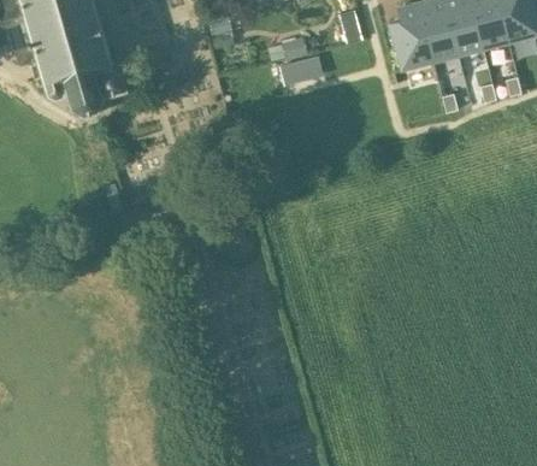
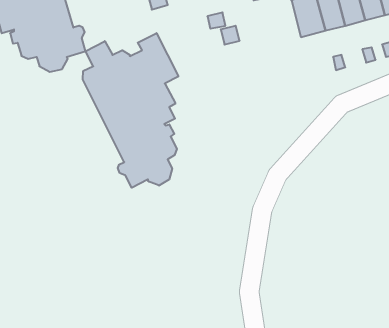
building: none -> [83,33,178,188]

